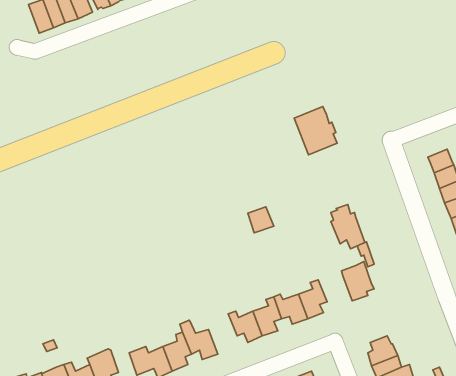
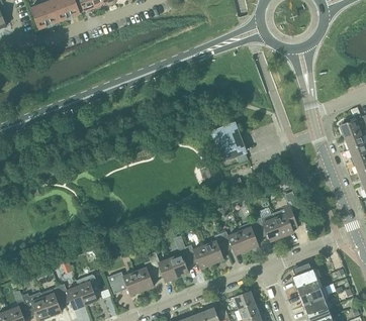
building: [294,107,337,155] -> [211,123,245,160]
building: [331,205,365,249] -> [255,207,281,241]
building: none -> [170,246,192,278]

